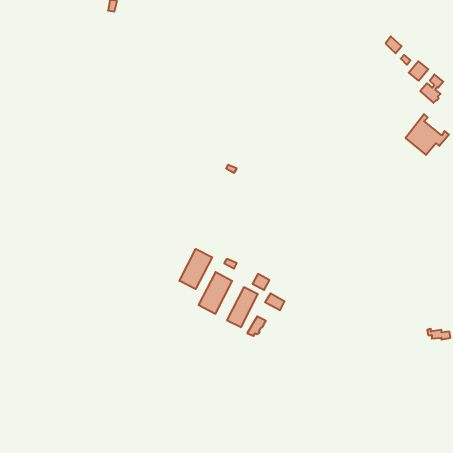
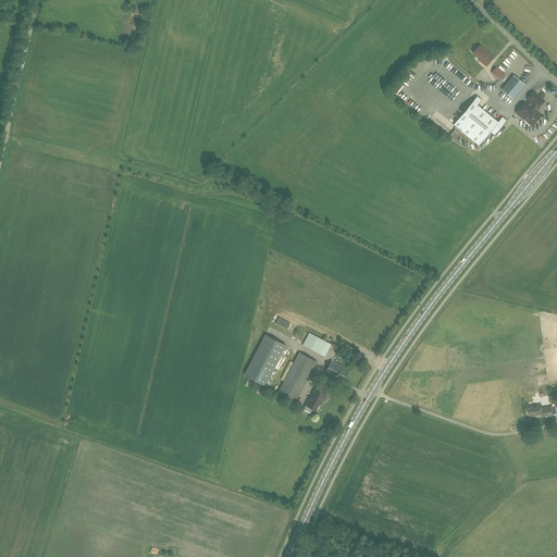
building: [406,114,449,155] -> [454,96,507,146]
building: [179,249,212,289] -> none

